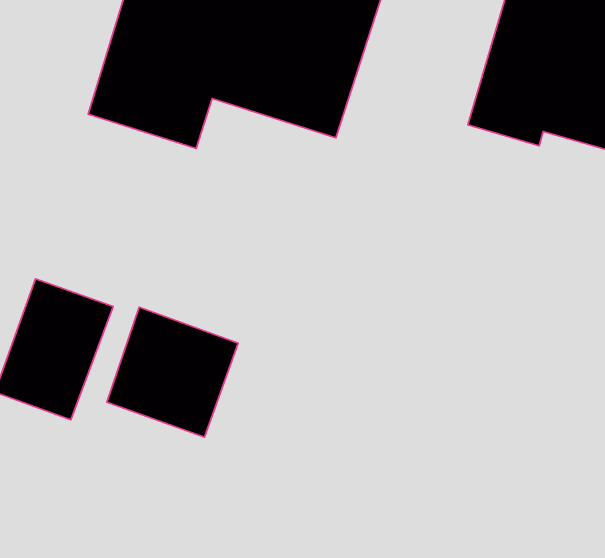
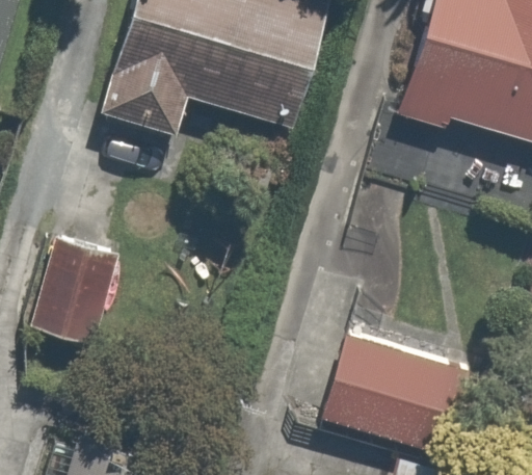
building: [107,307,238,437] -> none
building: none -> [329,334,460,446]

